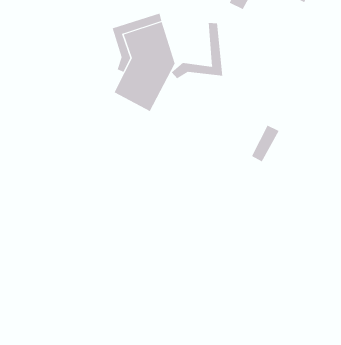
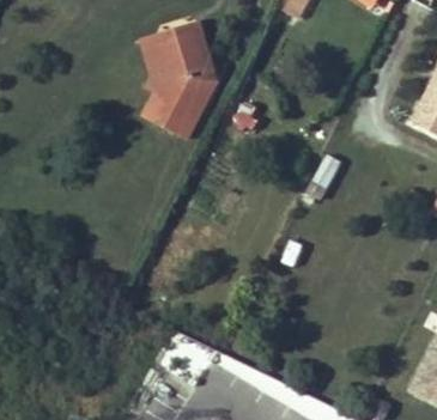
building: [171,22,223,79] -> none

